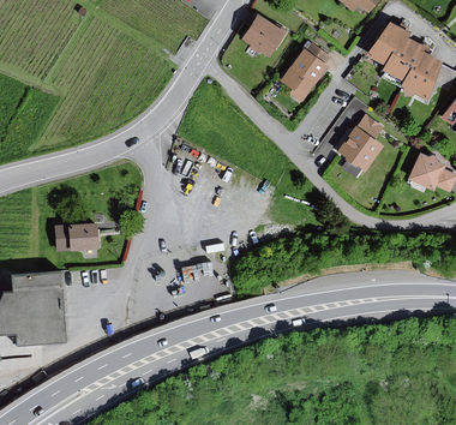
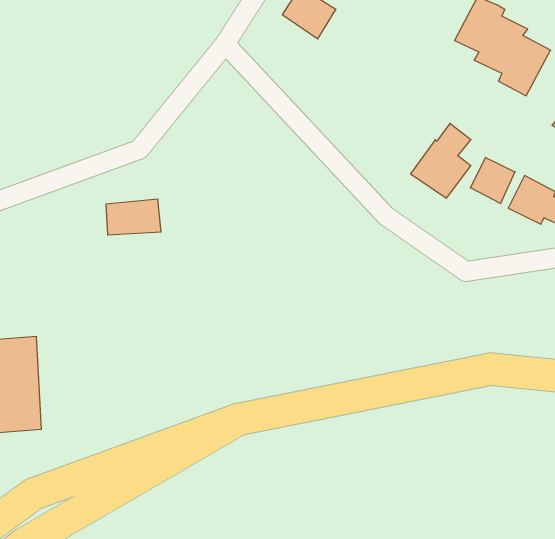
building: [281,42,329,100] -> none
building: none -> [470,157,515,204]
building: [56,223,97,250] -> [106,199,161,235]

